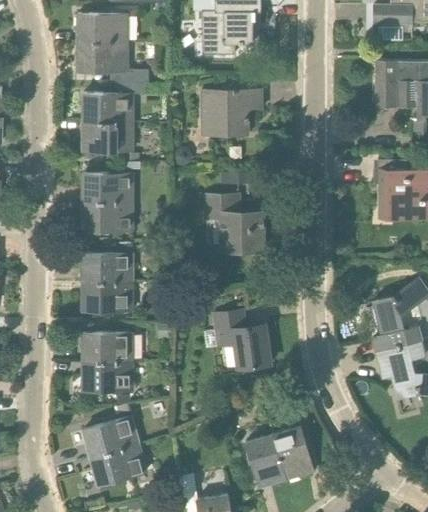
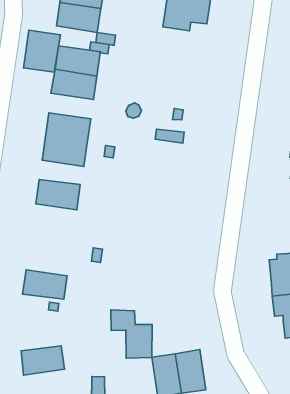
building: none -> [23,30,61,72]
building: [202,89,261,136] -> none
building: [207,195,263,250] -> none
building: [83,282,133,310] -> none
building: [213,311,269,368] -> [111,310,152,358]
building: [83,332,132,361] -> none
building: [83,416,137,457] -> none

